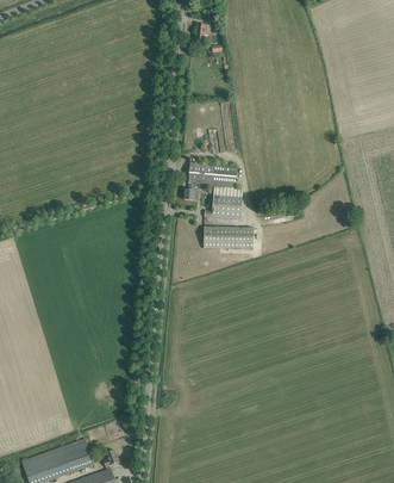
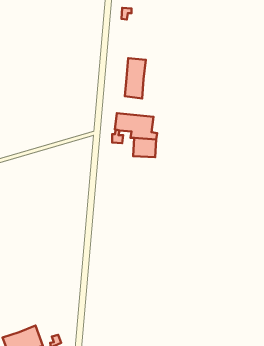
building: none -> [125,58,146,98]
building: [202,227,252,248] -> none

